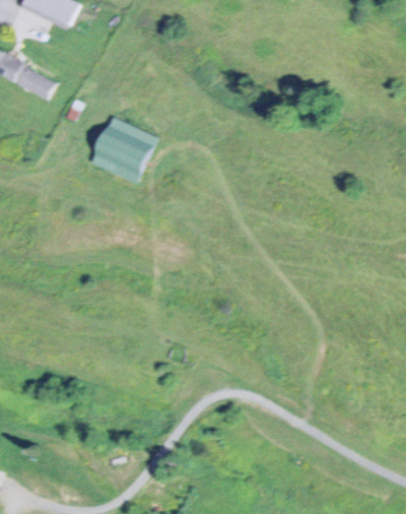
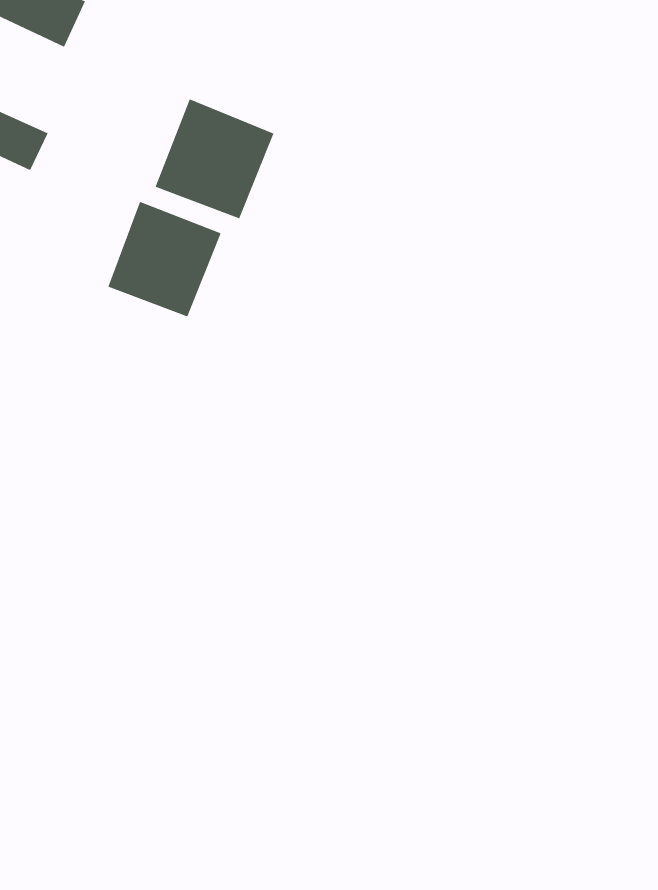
building: none -> [155,99,274,219]

